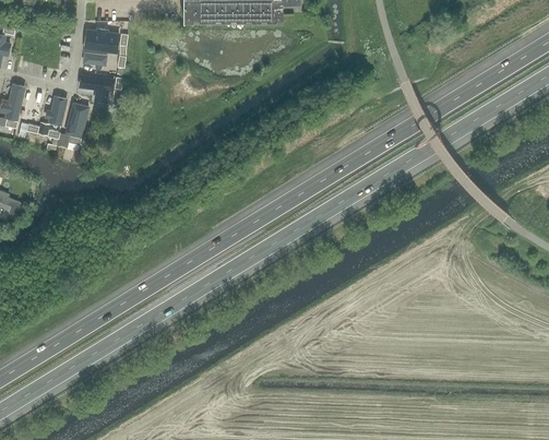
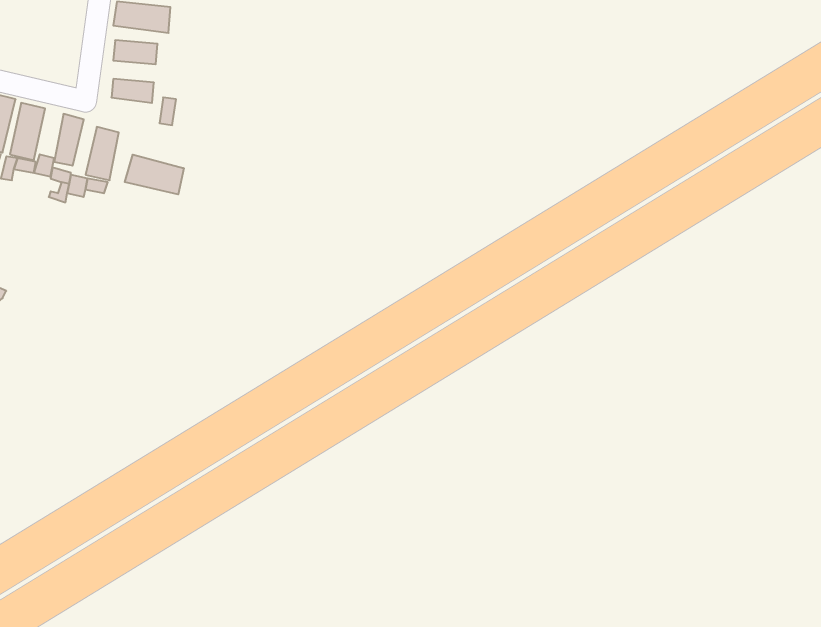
building: none -> [125,155,184,194]

